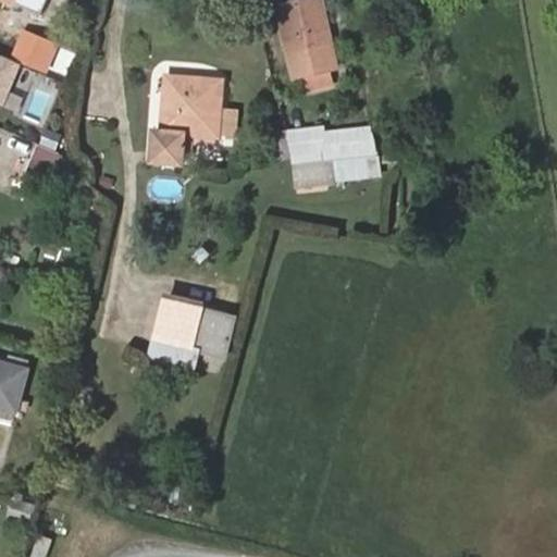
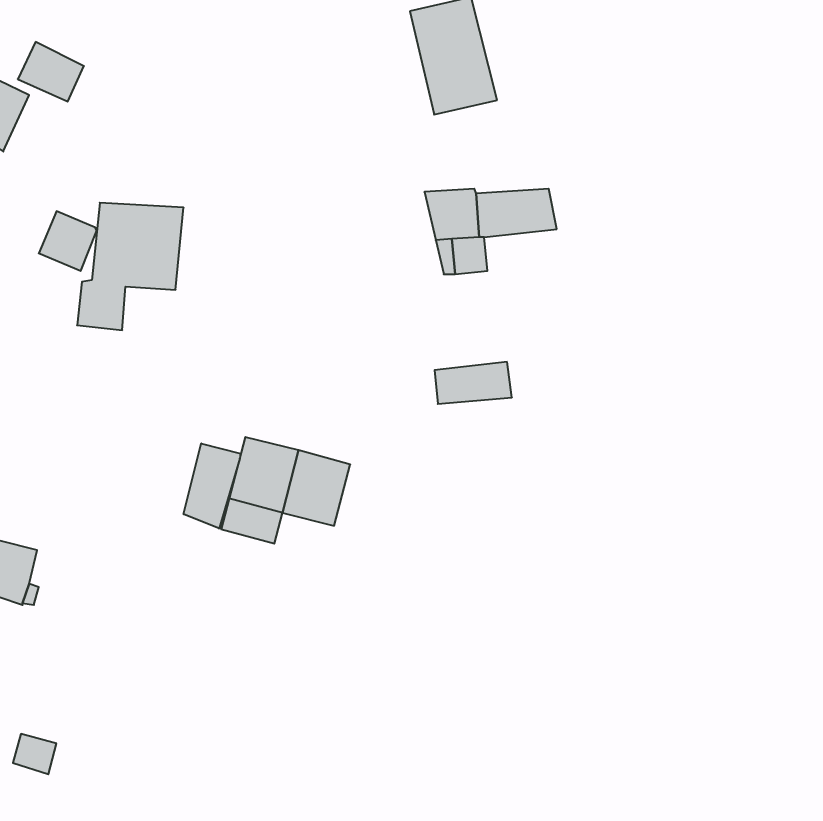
building: [150,76,222,162] -> [77,203,184,330]
building: [326,154,379,183] -> [435,362,512,404]
building: none -> [184,443,241,529]

